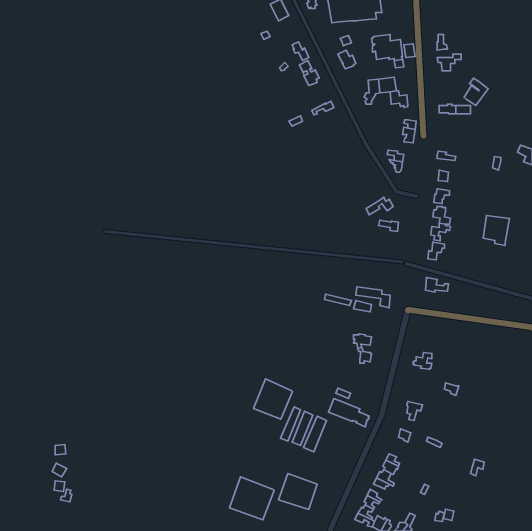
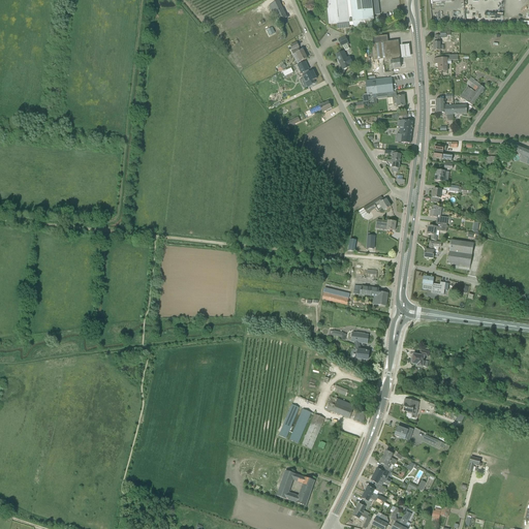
building: [483,215,509,246] -> [447,239,473,269]
building: [254,379,293,419] -> none
building: [230,477,274,520] -> none

